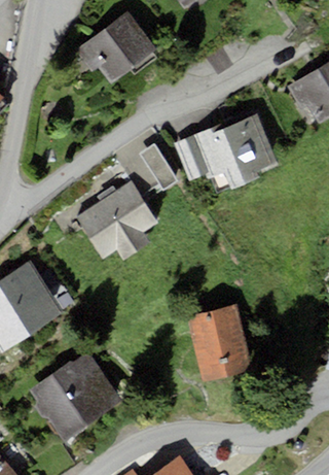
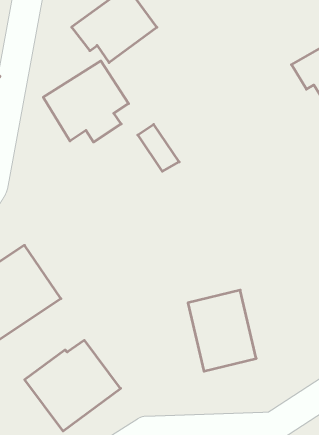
building: [173,114,277,190] -> none
building: [75,181,157,260] -> [43,61,129,142]

